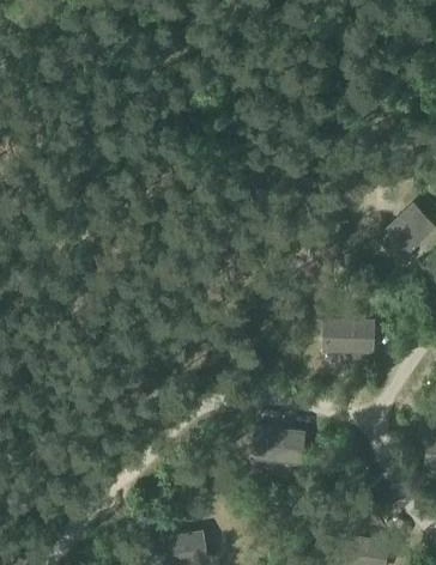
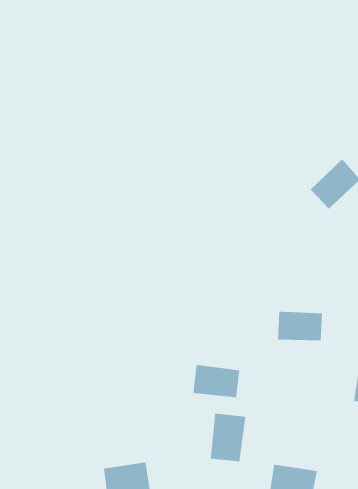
building: [325,320,374,352] -> [277,311,323,341]
building: none -> [210,413,246,462]

